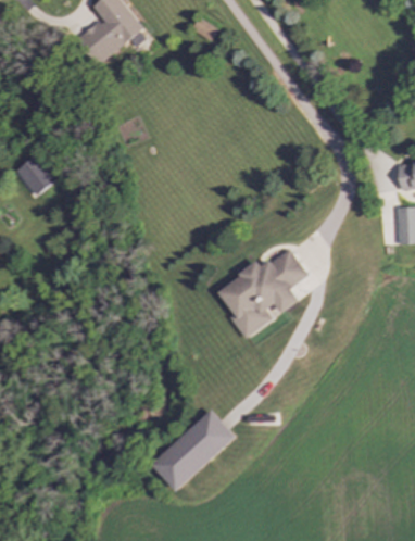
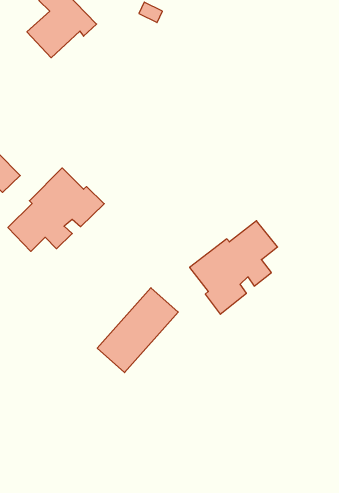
building: none -> [8,168,104,251]
building: [151,408,236,491] -> [97,288,178,373]

